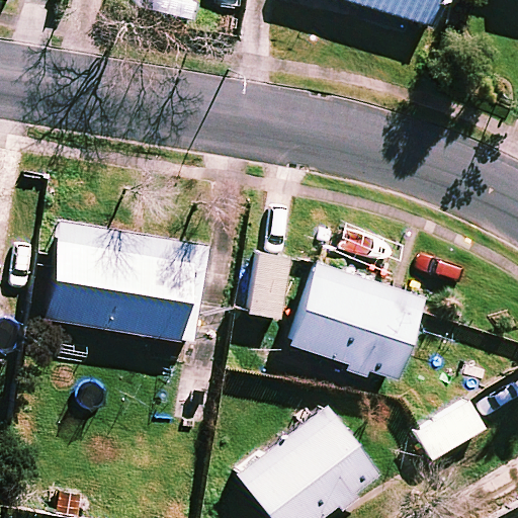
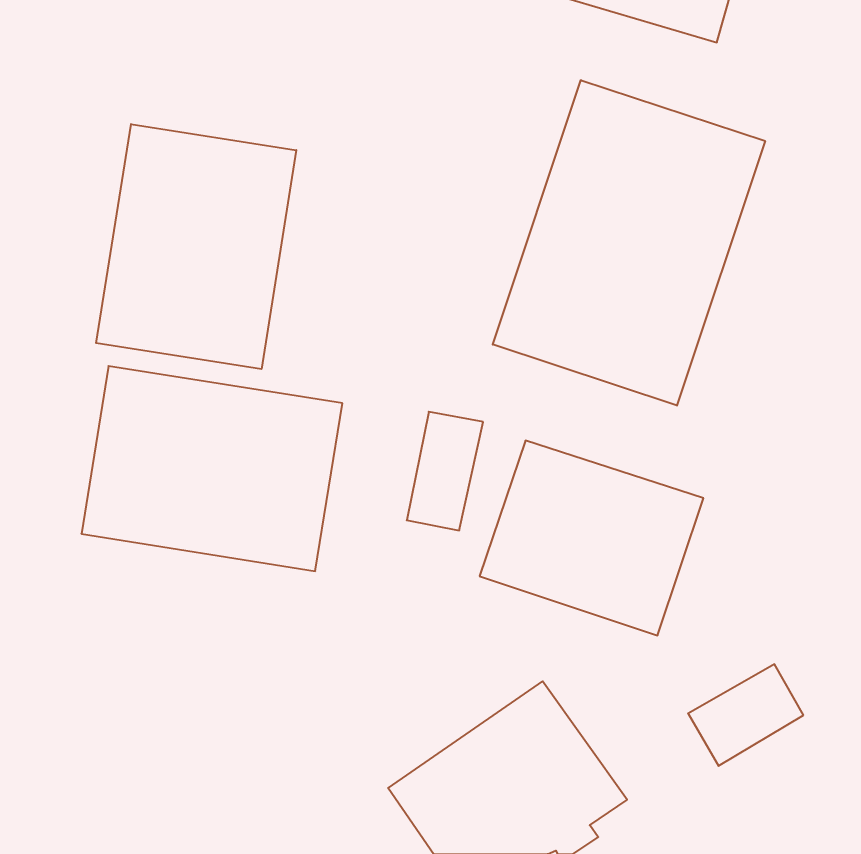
building: none -> [493,80,765,406]
building: none -> [96,124,296,369]

